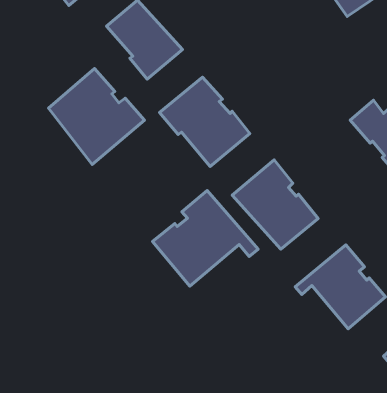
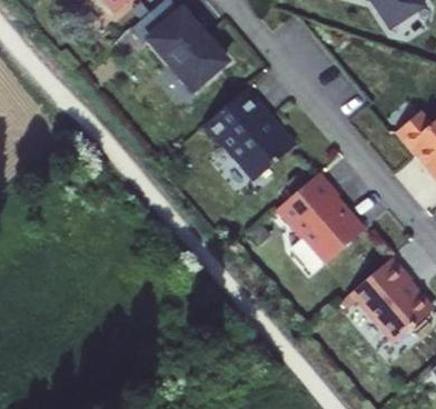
building: [48,68,145,164] -> none
building: [153,190,258,286] -> none

